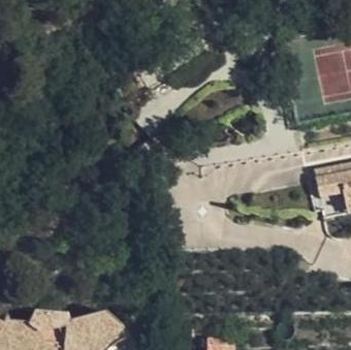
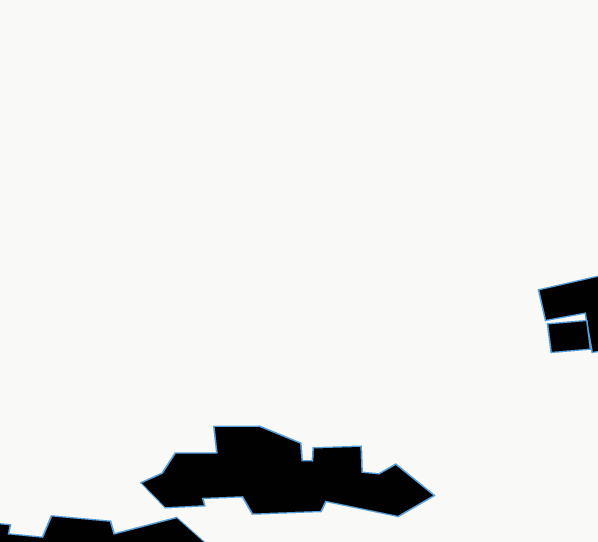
building: none -> [141,426,434,516]

